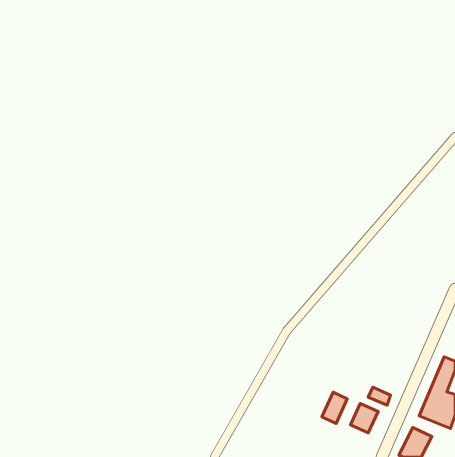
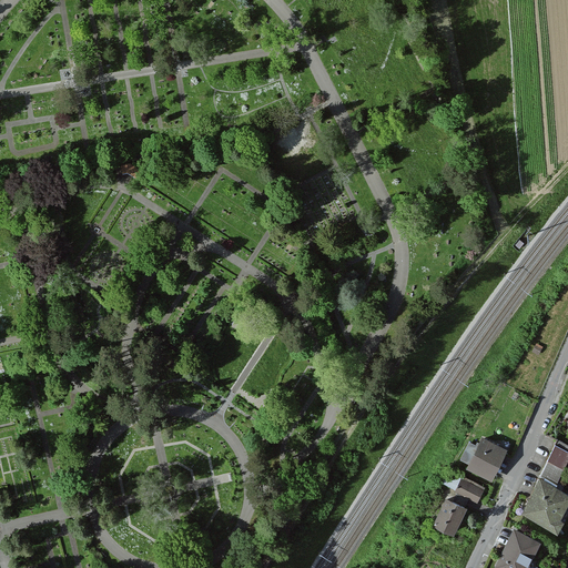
building: none -> [468,439,509,483]
building: [322,392,347,423] -> none

